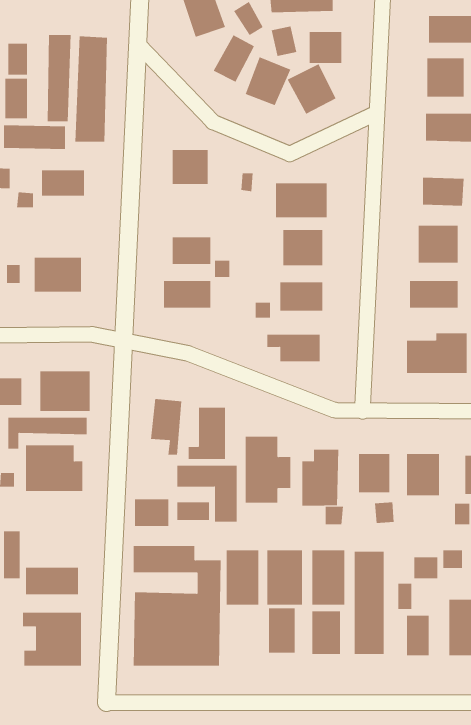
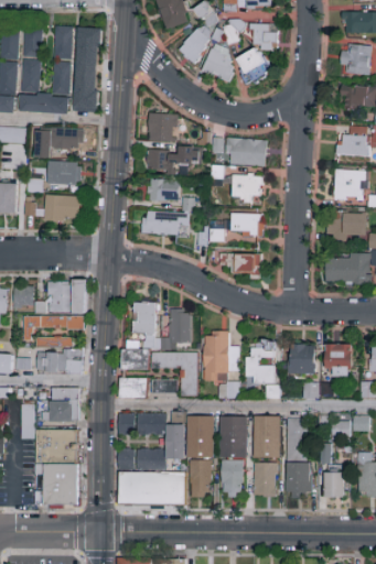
building: none -> [147,147,200,172]
building: none -> [47,162,80,184]
building: none -> [122,348,149,370]
building: none -> [42,388,80,422]
building: none -> [190,459,212,496]

